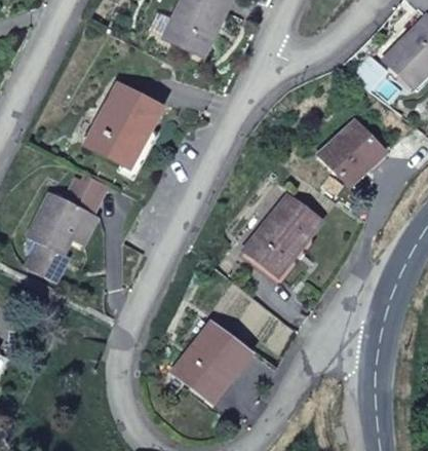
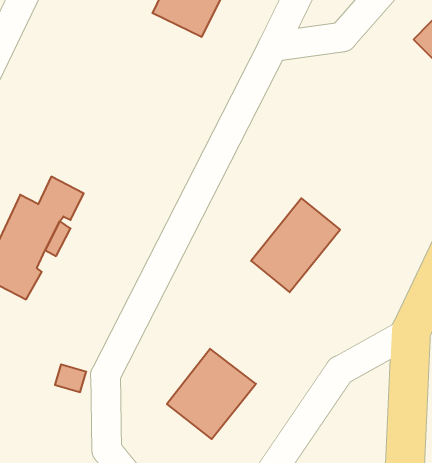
building: [86,83,162,166] -> none
building: [321,120,386,185] -> none

